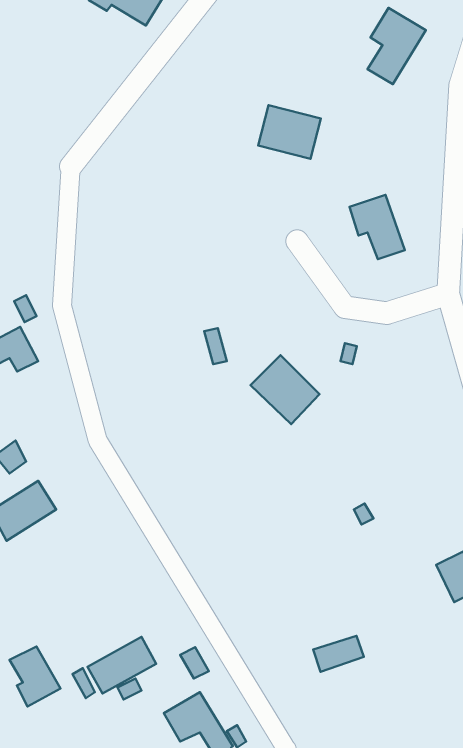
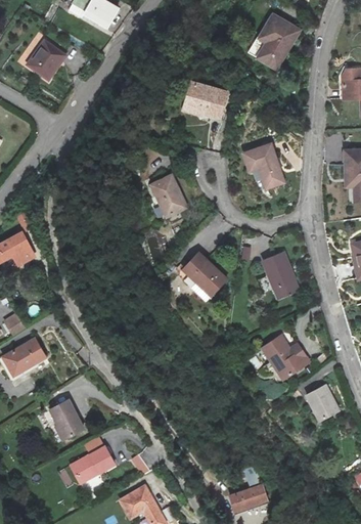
building: none -> [25,38,67,82]
building: none -> [149,173,187,216]
building: none -> [263,252,300,299]
building: none -> [257,335,305,380]
building: [313,636,364,672] -> [231,486,266,511]
building: [9,646,60,706] -> [50,400,85,441]

